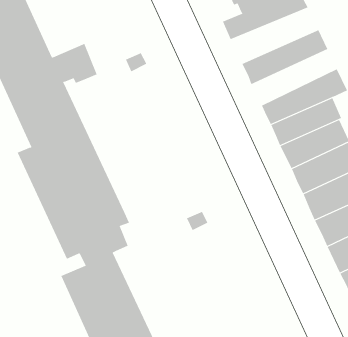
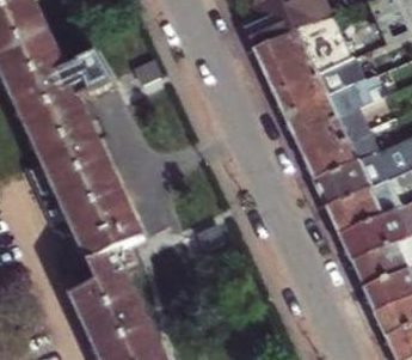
building: none -> [250,14,342,73]
building: none -> [271,57,361,116]

